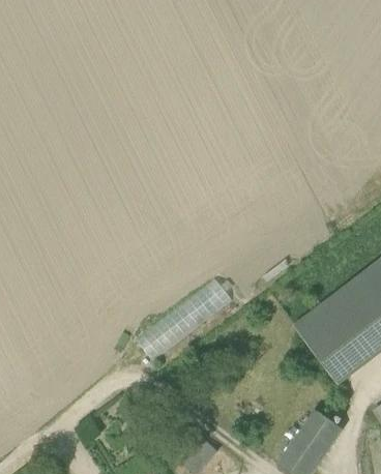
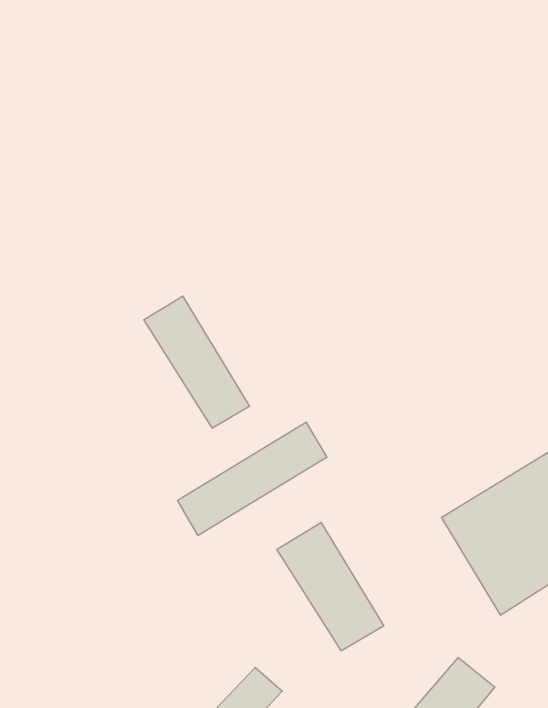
building: none -> [144,296,249,428]
building: none -> [277,523,384,651]

